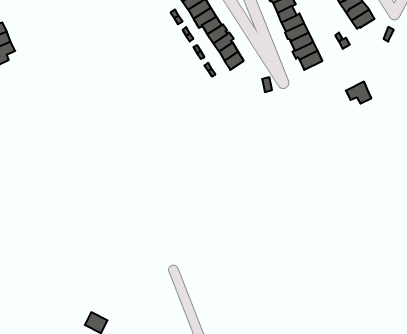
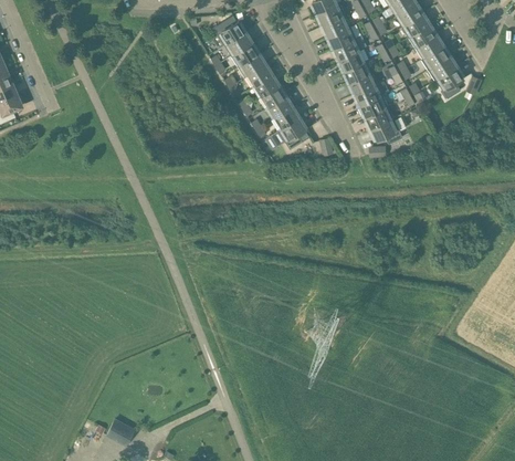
building: none -> [435,66,463,98]
building: none -> [277,117,306,149]
building: [346,82,371,104] -> [371,117,402,144]

